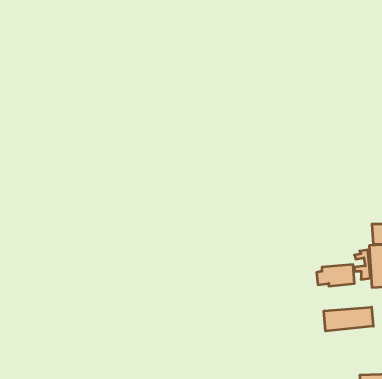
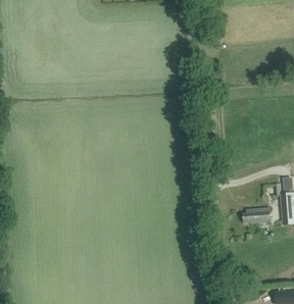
building: [324,307,373,331] -> none

